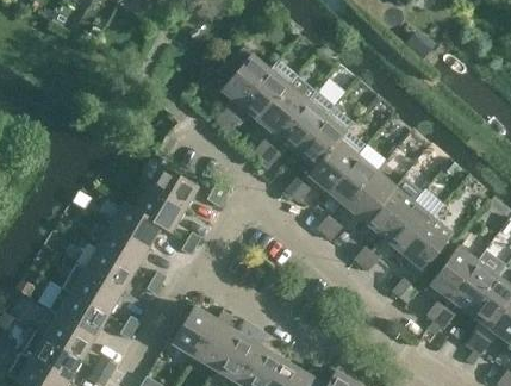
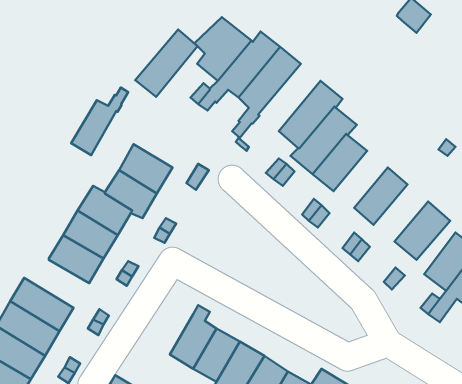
building: [276,91,334,152] -> [135,29,198,97]
building: none -> [71,88,128,155]
building: [345,170,395,223] -> none
building: [382,201,432,254] -> none
building: [62,264,121,315] -> none
building: [172,306,217,357] -> none

